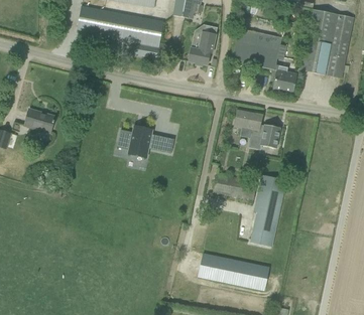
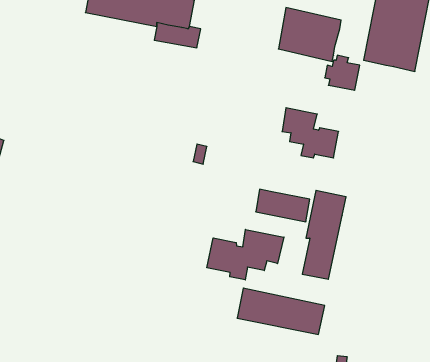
building: [189,31,216,65] -> none
building: [25,109,54,133] -> none
building: [118,126,152,156] -> none
building: none -> [207,229,284,280]

